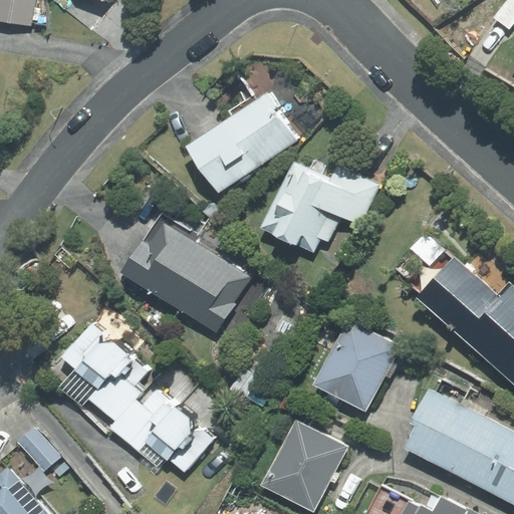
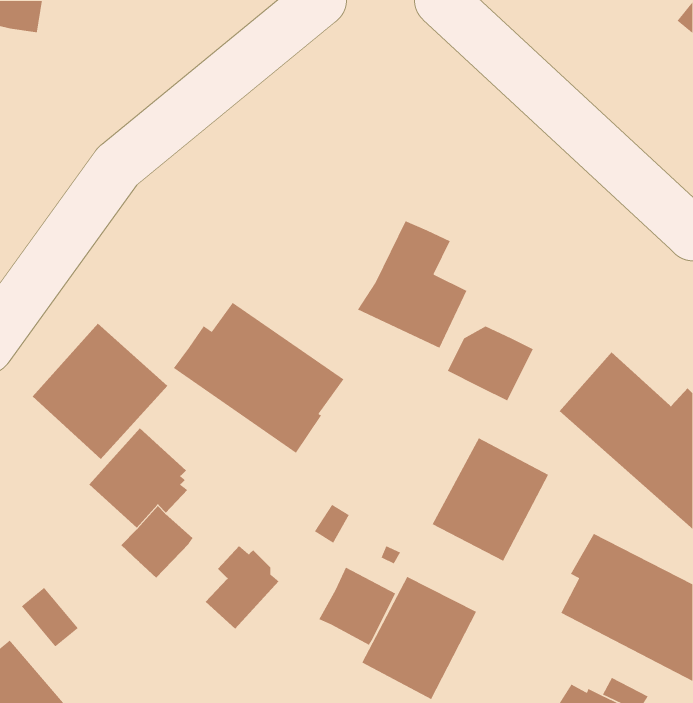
building: [191,93,298,191] -> none
building: [315,169,378,224] -> [447,325,534,402]
building: none -> [32,323,168,460]
building: [110,398,165,451] -> none
building: none -> [318,567,396,646]

